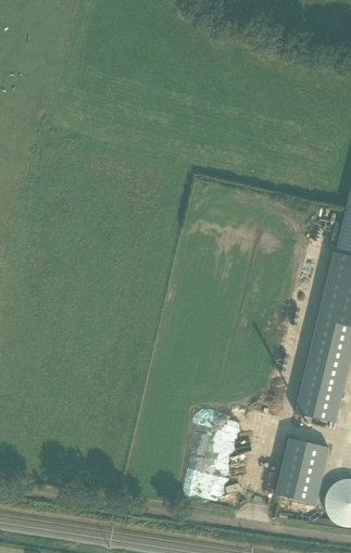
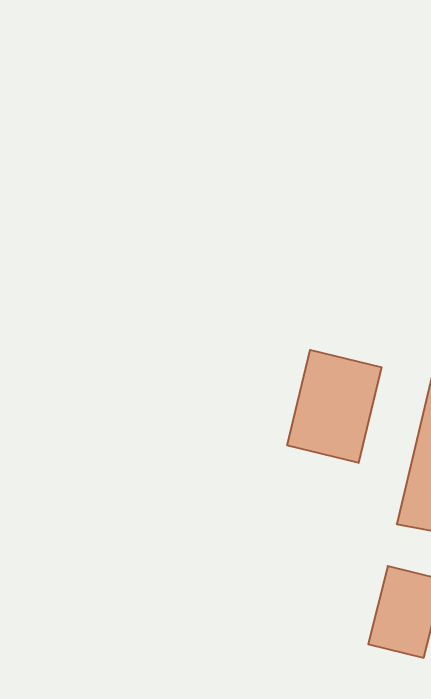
building: none -> [287,350,381,463]

